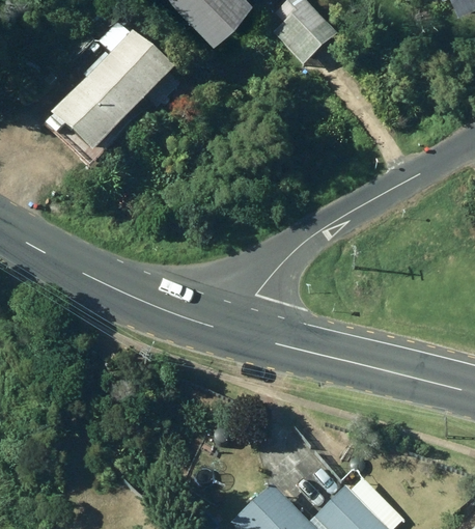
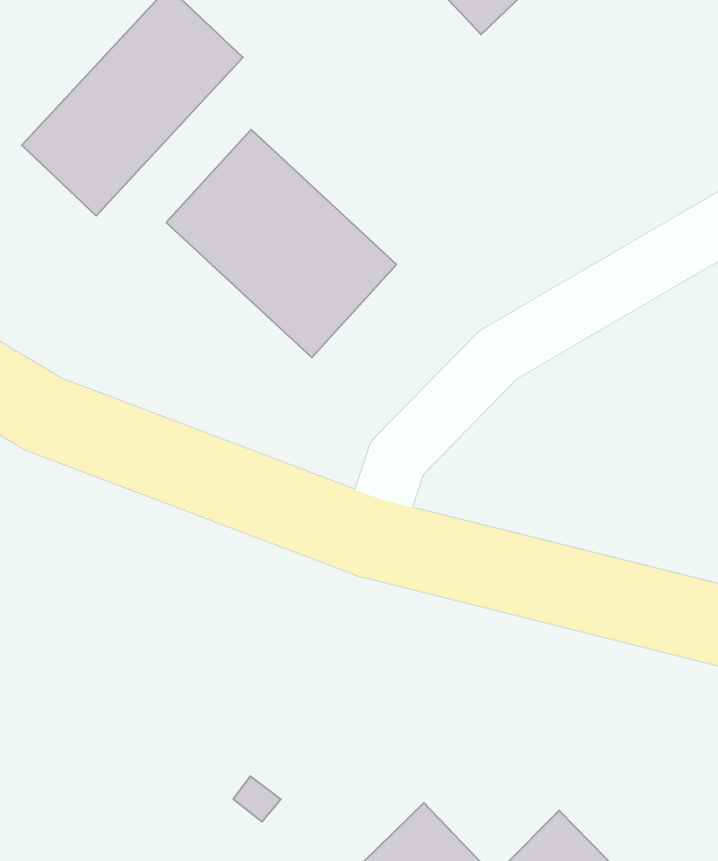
building: none -> [166,130,396,357]

